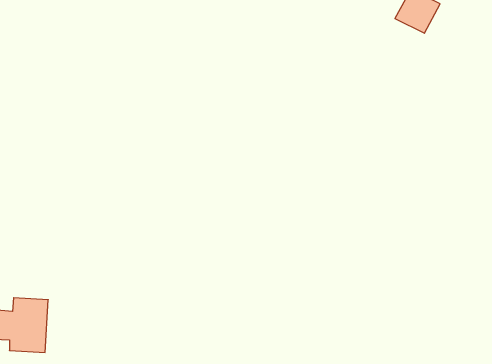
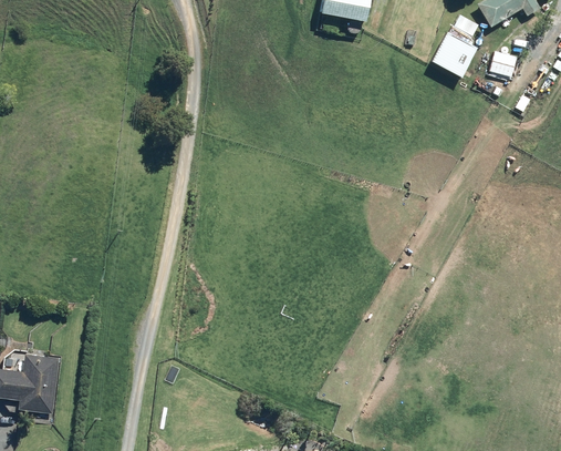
building: none -> [490,49,516,75]

